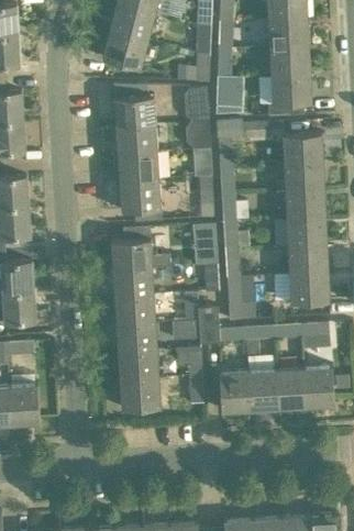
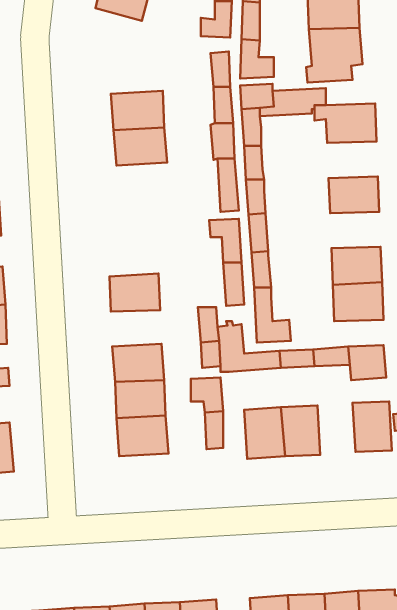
building: [113,95,155,125] -> none
building: [284,163,323,191] -> none
building: [119,179,161,211] -> none
building: [286,218,325,246] -> none
building: [111,225,169,268] -> none
building: [114,295,154,323] -> none
building: [276,367,306,408] -> none

